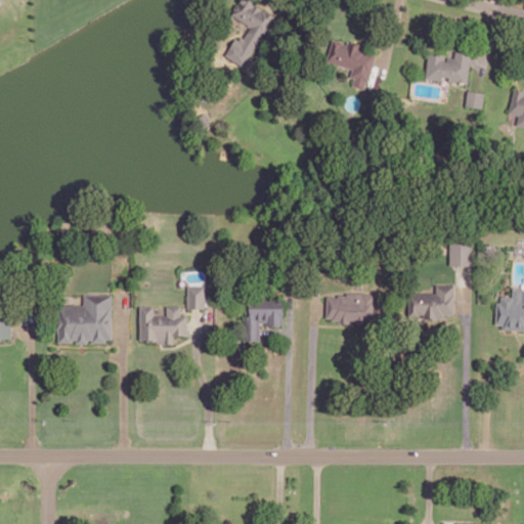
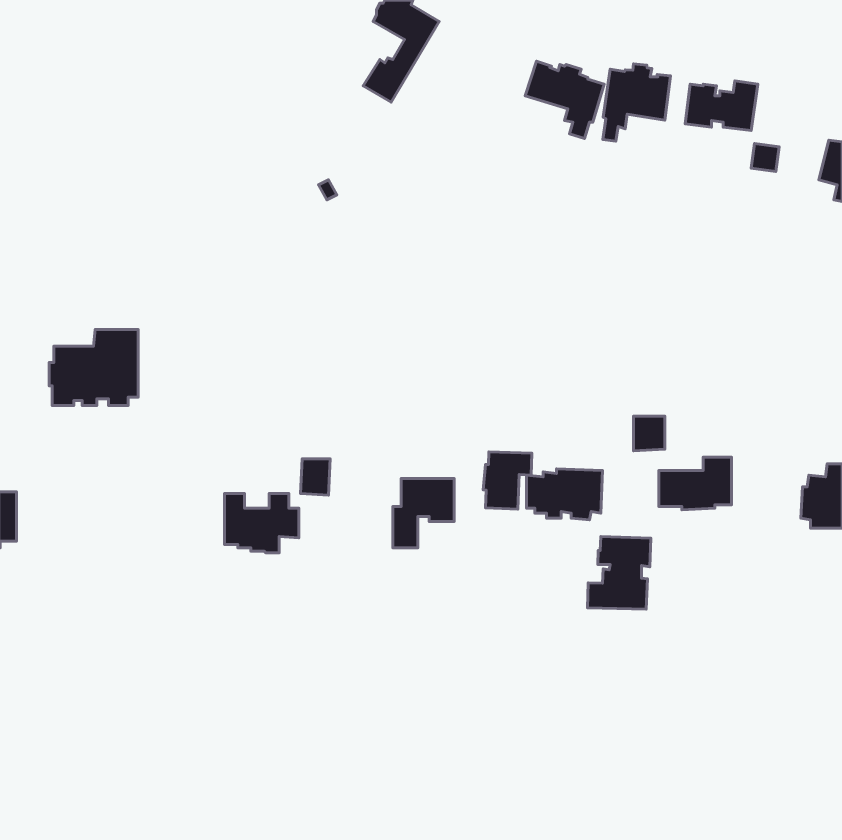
building: none -> [603,64,670,141]
building: [450,245,470,266] -> [634,416,665,451]
building: none -> [483,452,532,509]
building: [55,296,111,343] -> [49,330,138,406]
building: none -> [588,536,651,609]

